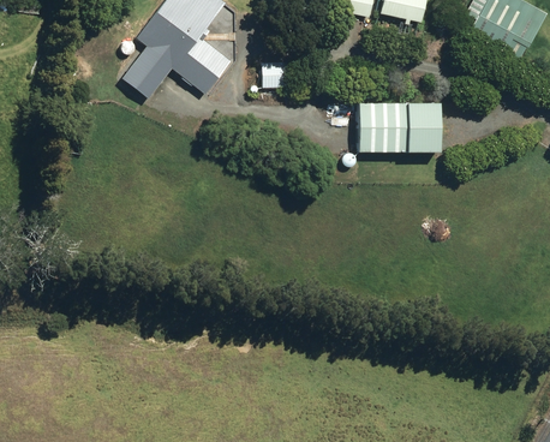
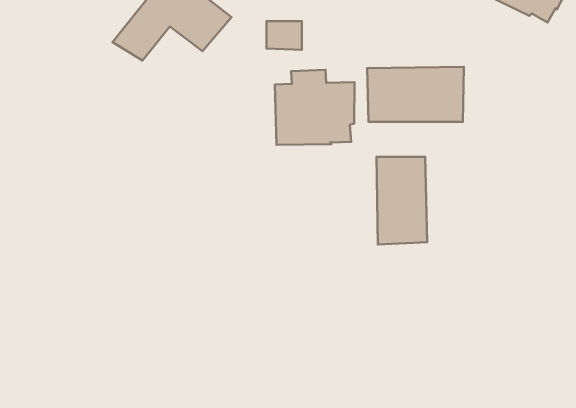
building: none -> [275,70,354,145]
building: none -> [377,157,427,245]

